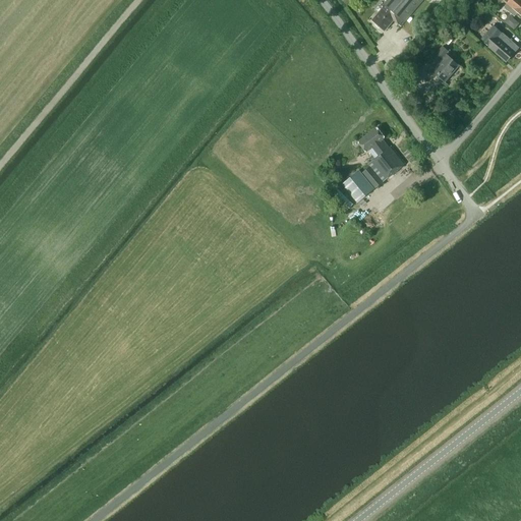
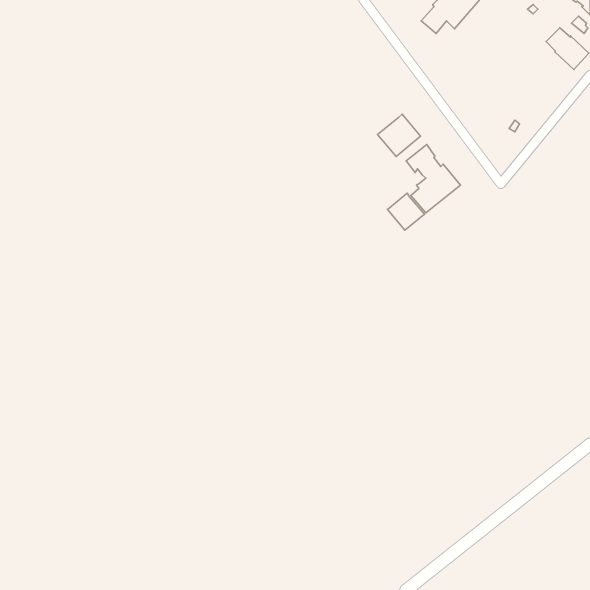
building: [430,45,460,82] -> none
building: none -> [377,114,421,156]

